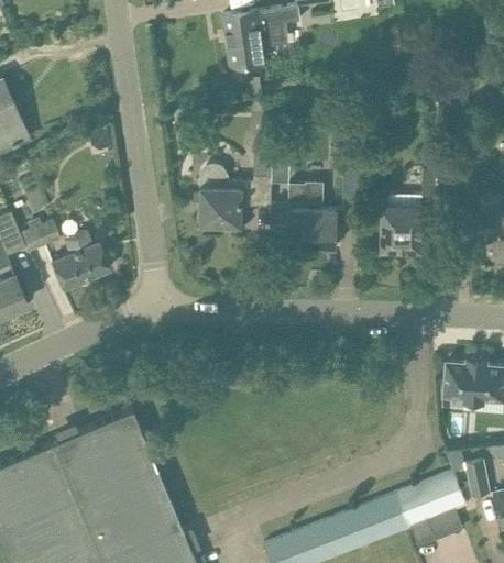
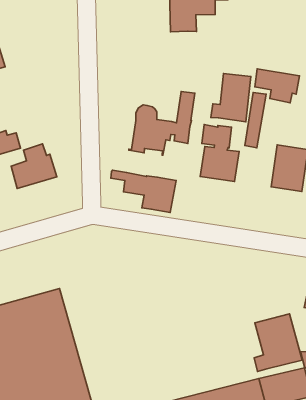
building: none -> [255,69,299,103]
building: none -> [211,73,251,122]
building: none -> [111,170,176,213]
building: none -> [254,314,302,372]

